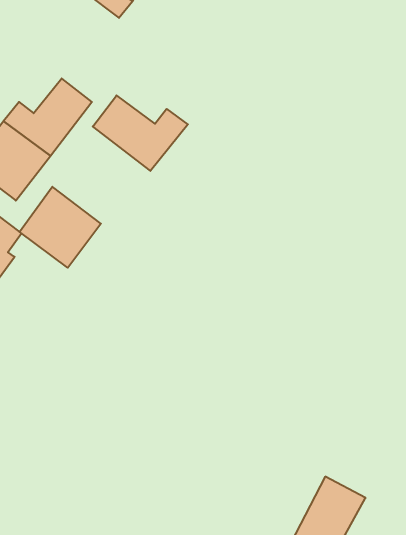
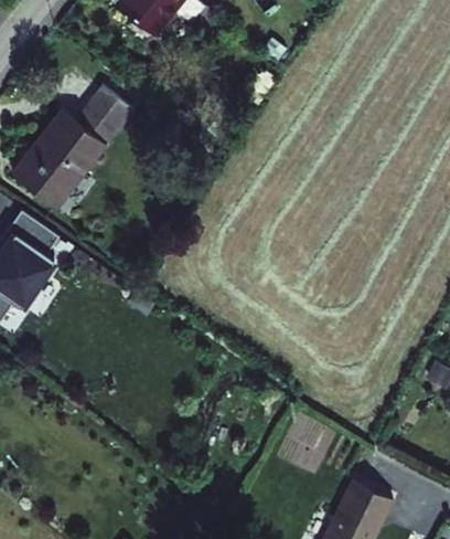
building: [93,95,188,171] -> none
building: [20,187,101,268] -> none

